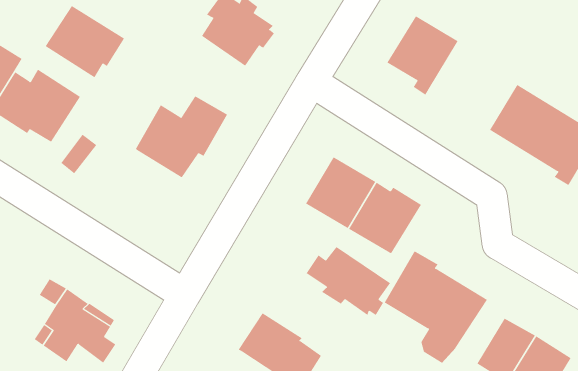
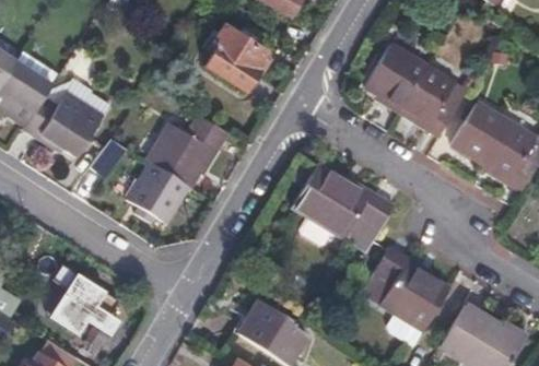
building: [45,5,125,78] -> none
building: none -> [401,67,467,139]
building: none -> [126,161,188,222]
building: [306,246,391,316] -> none

